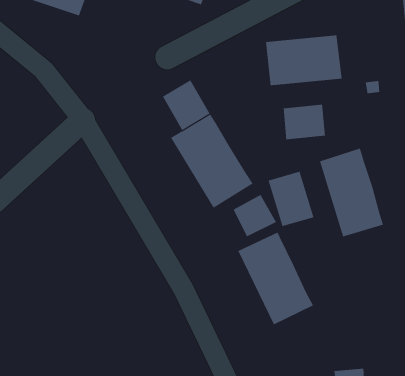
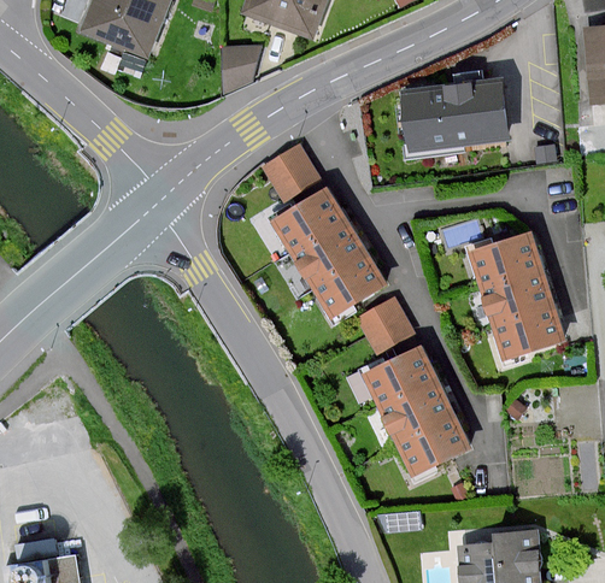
building: none -> [223,46,263,93]
building: [283,104,325,140] -> none
building: [268,171,314,227] -> none

